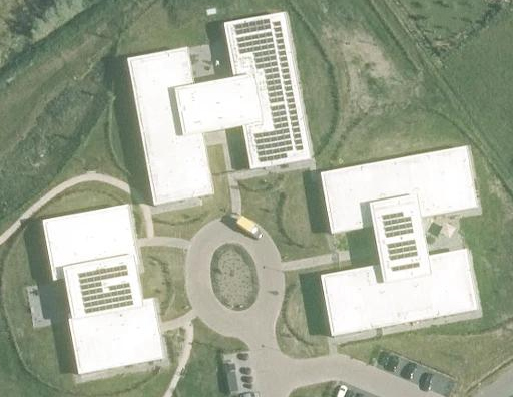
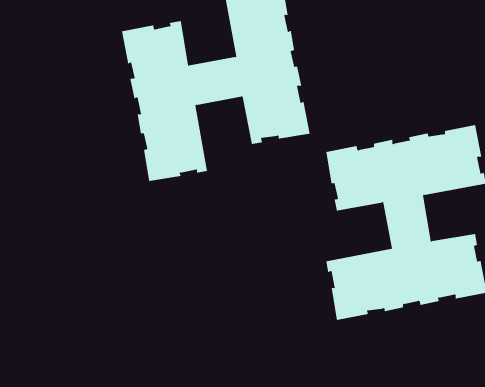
building: [44,206,161,370] -> none

